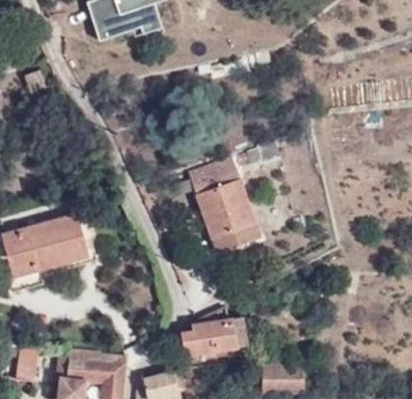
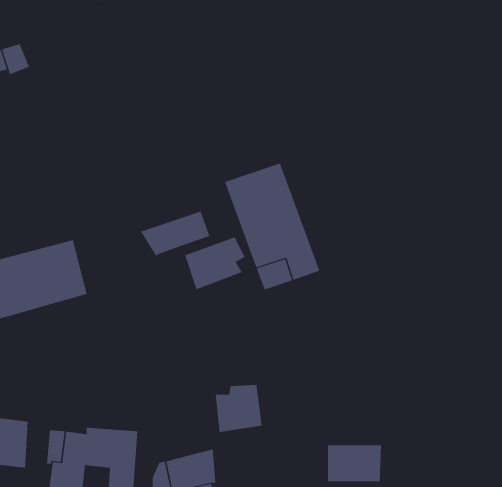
building: none -> [140,211,210,256]
building: none -> [184,236,245,290]
building: [193,307,246,352] -> none

